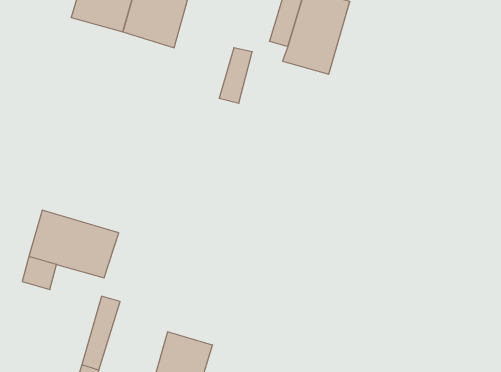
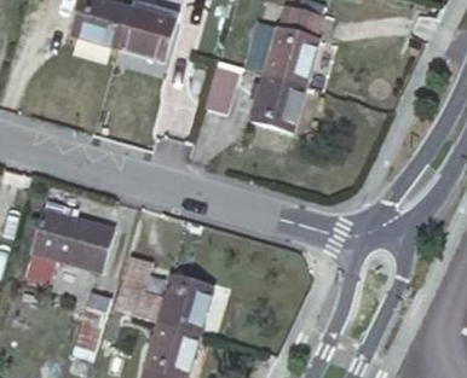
building: none -> [249,72,305,130]
building: none -> [115,256,212,332]

